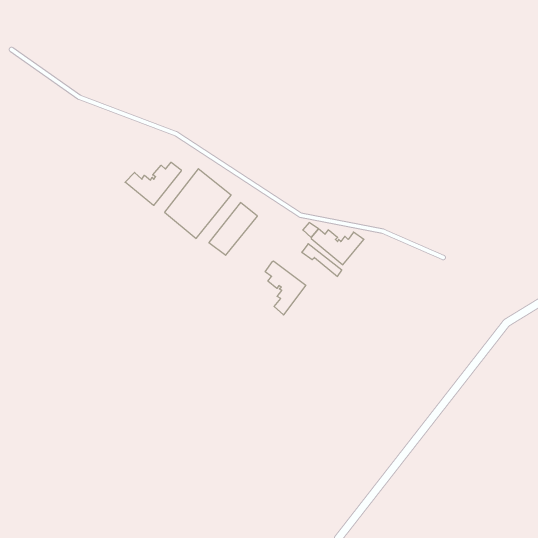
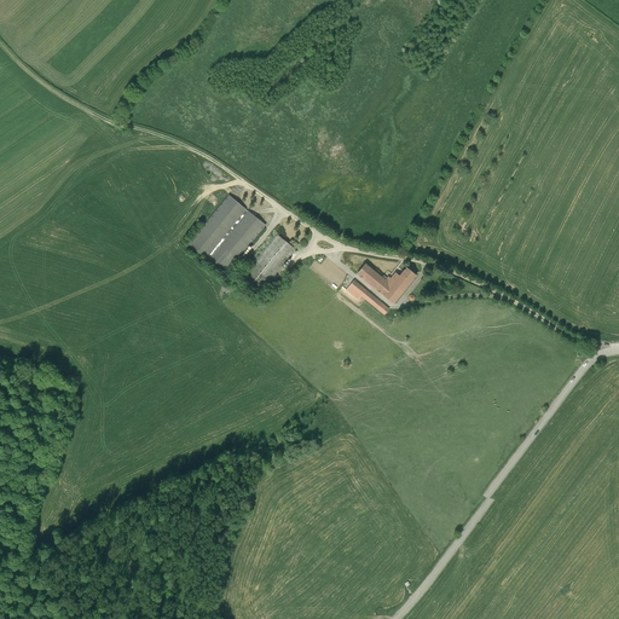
building: [125,162,181,205] -> none
building: [265,261,306,315] -> none

